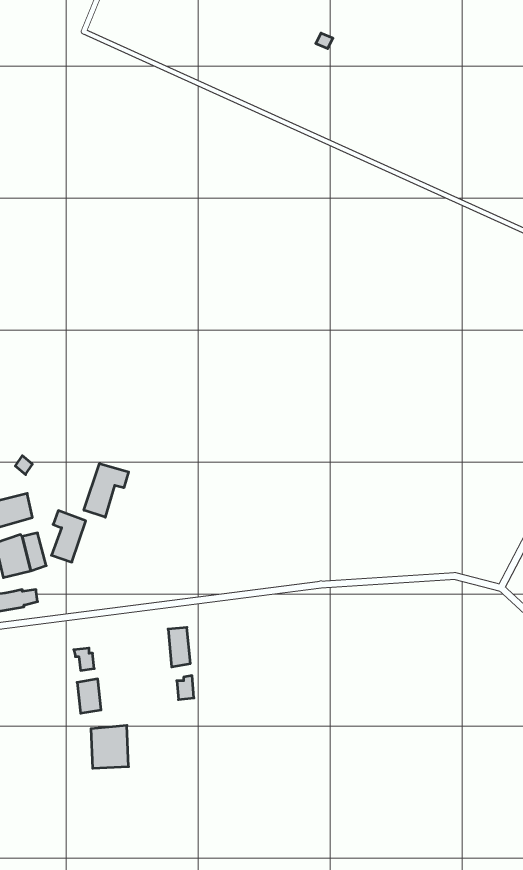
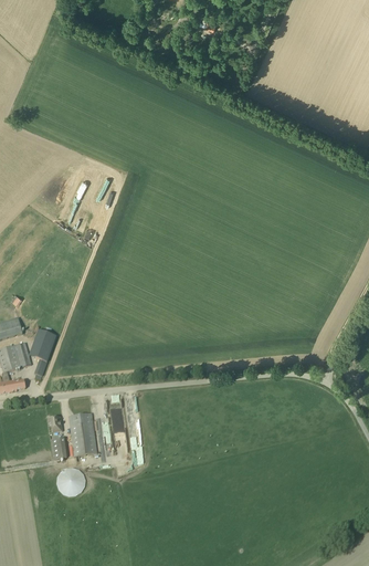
building: [84,464,129,517] -> none
building: none -> [68,415,97,459]

